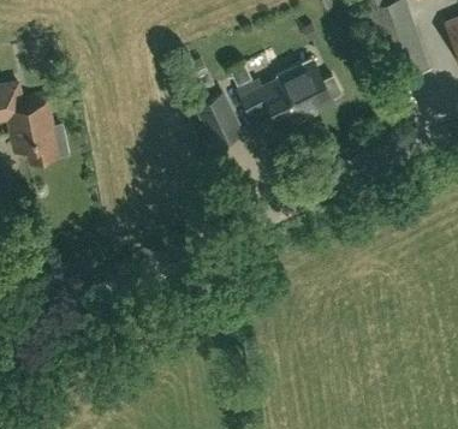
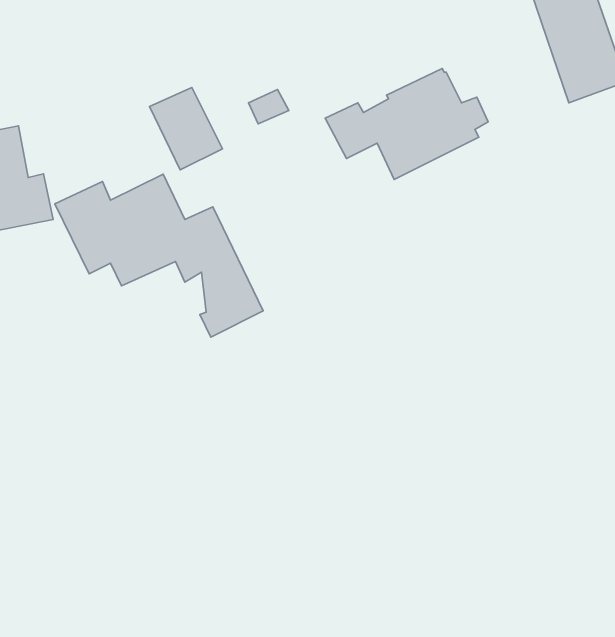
building: [197,94,243,145] -> [150,87,223,170]
building: none -> [55,174,263,337]

